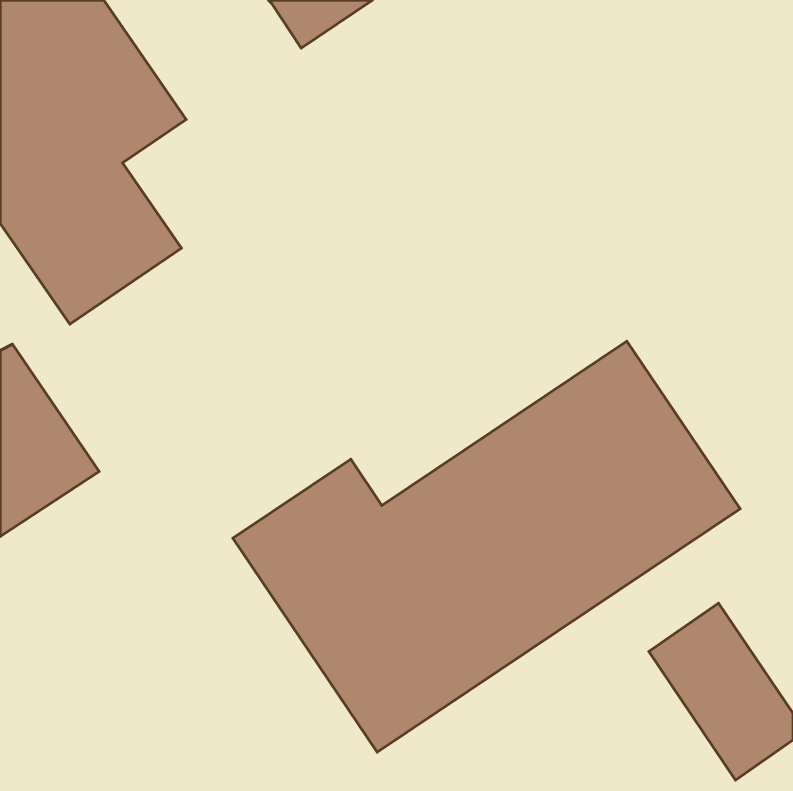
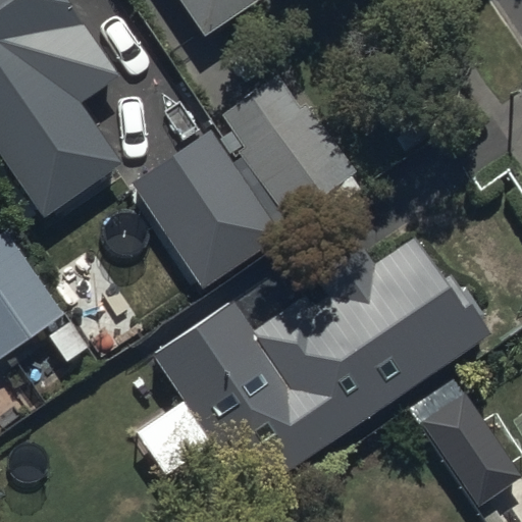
building: none -> [221,71,362,232]
building: none -> [129,132,281,291]

